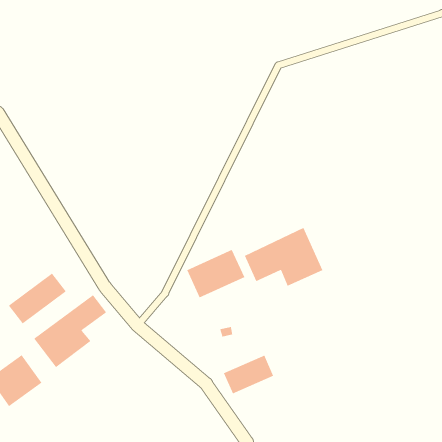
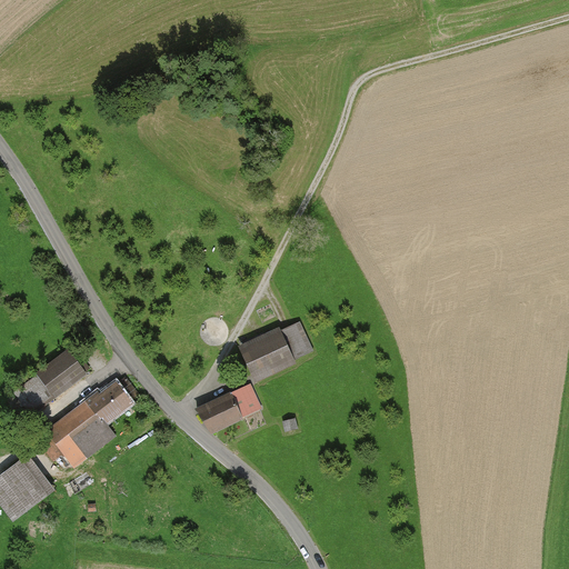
building: [244,227,323,287] -> none
building: [223,354,274,395] -> [196,383,261,435]

